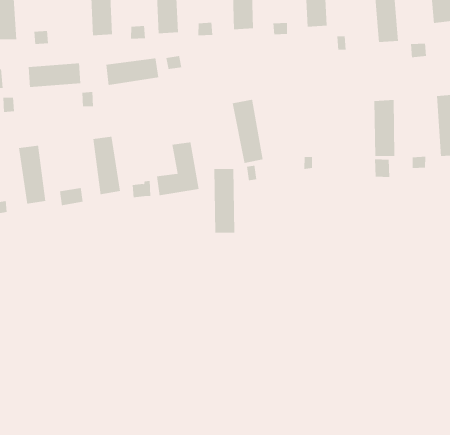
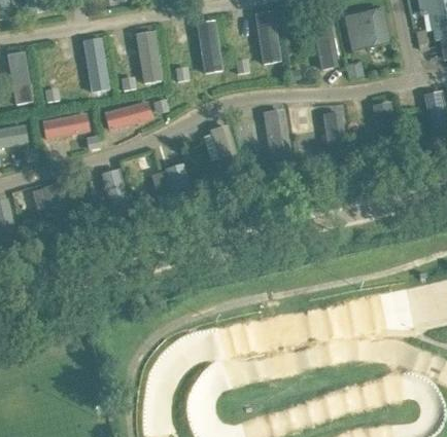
building: [213,169,235,233] -> [265,110,288,163]

